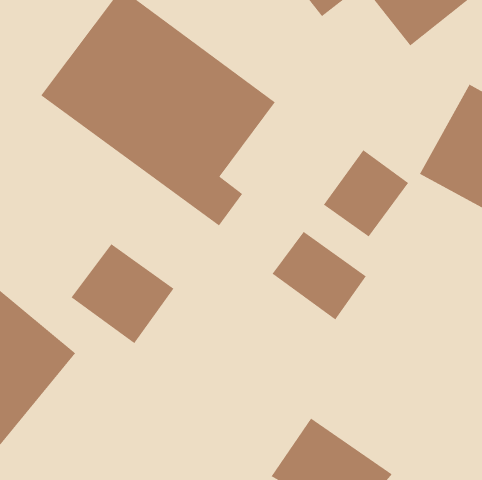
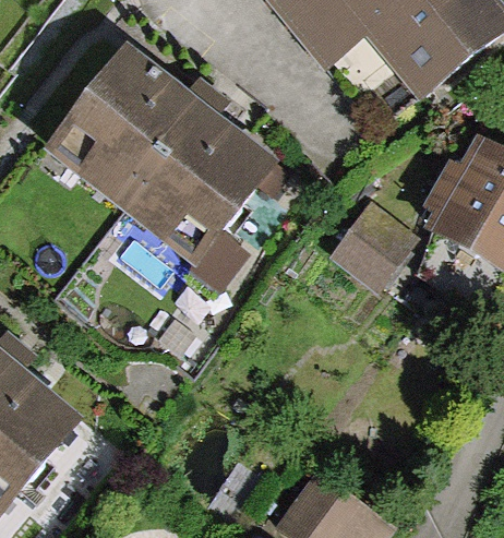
building: [271,231,367,320] -> none
building: [71,243,175,344] -> none

